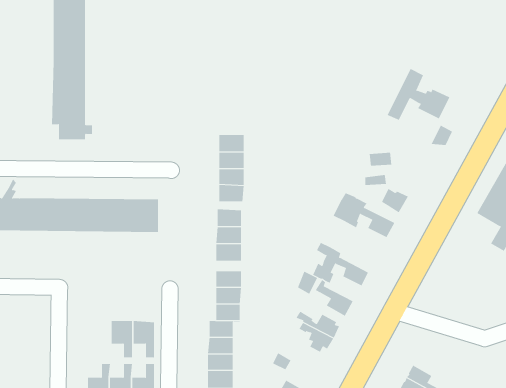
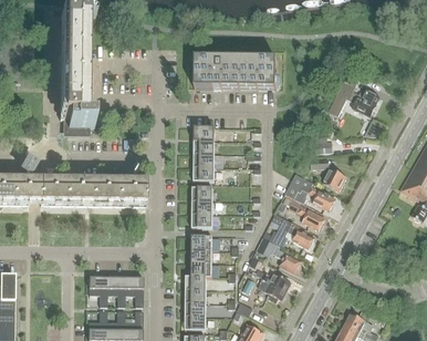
building: none -> [195,56,277,89]
building: none -> [288,197,325,229]
building: none -> [88,276,107,306]

